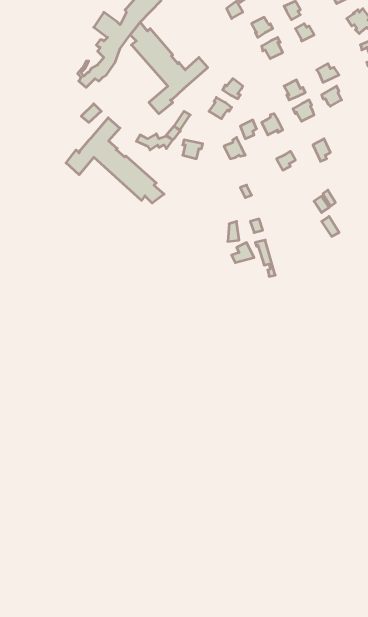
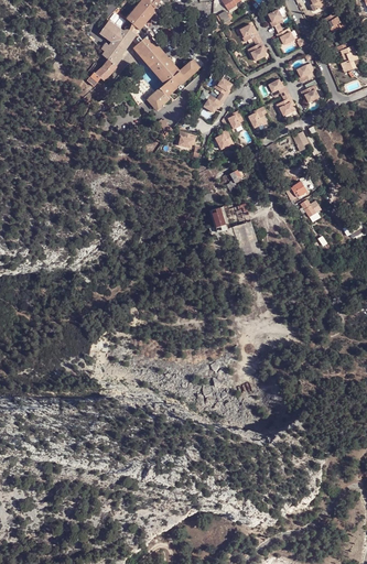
building: [66,118,164,203] -> none

